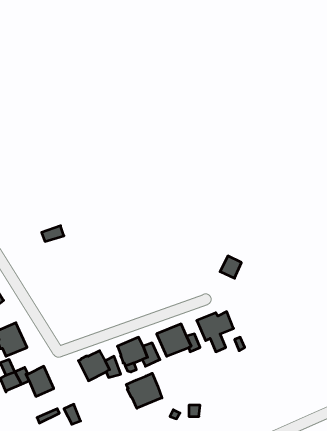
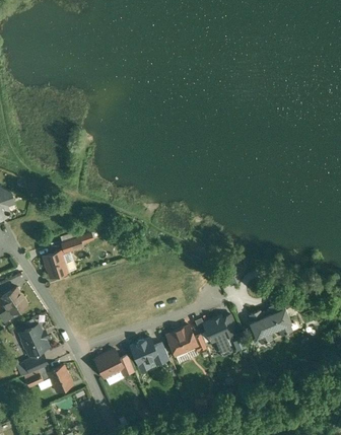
building: none -> [44,251,68,278]
building: none -> [249,302,292,345]
building: [126,373,162,408] -> none

